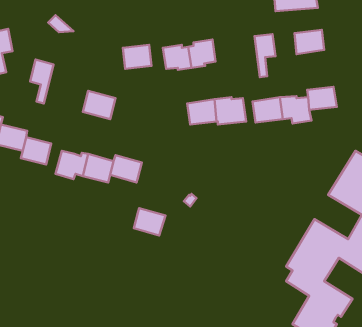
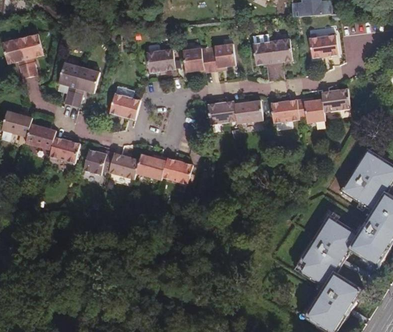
building: none -> [252,40,276,80]
building: none -> [71,67,97,105]
building: [134,208,166,236] -> [160,157,190,183]

